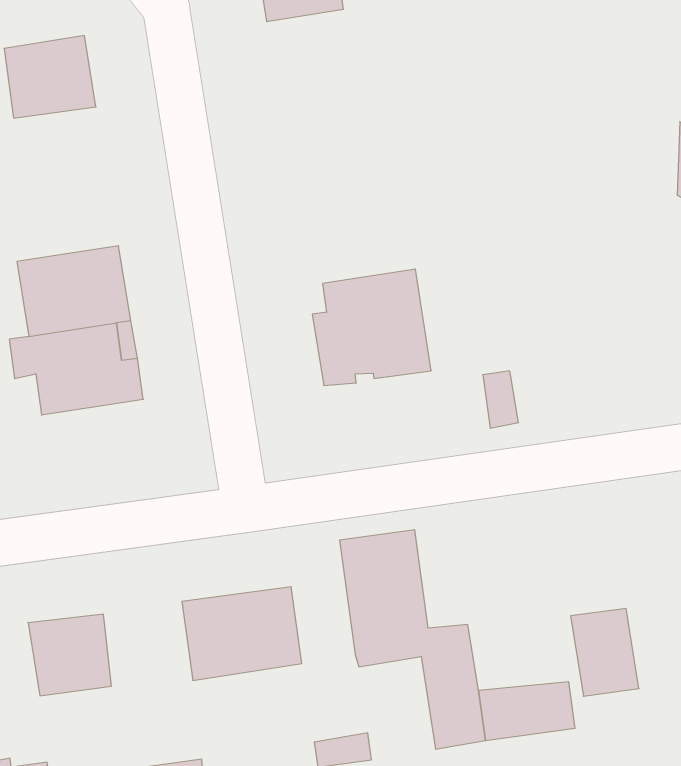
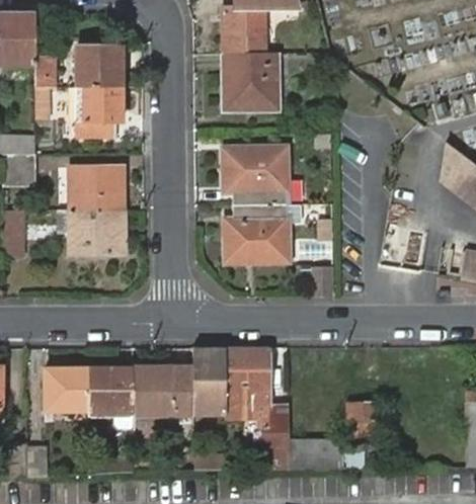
building: none -> [224,52,275,108]
building: none -> [76,87,123,138]
building: none -> [226,146,288,202]
building: none -> [193,346,225,412]
building: none -> [87,368,133,428]

